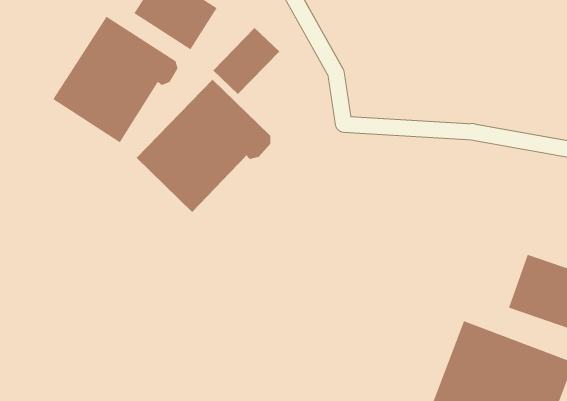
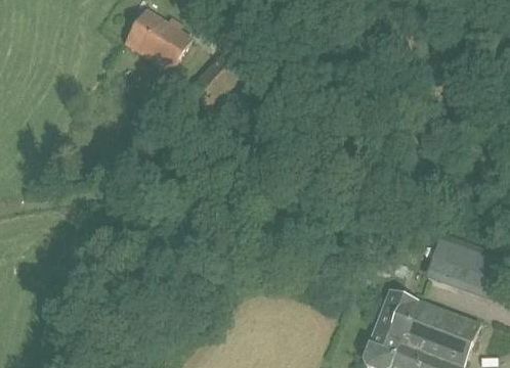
building: [52,16,178,143] -> none
building: [136,79,271,213] -> none

